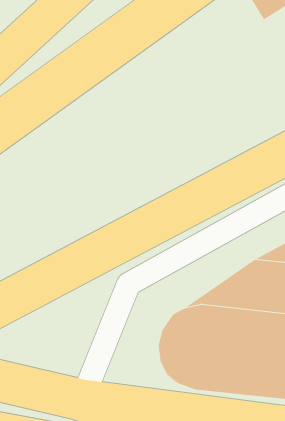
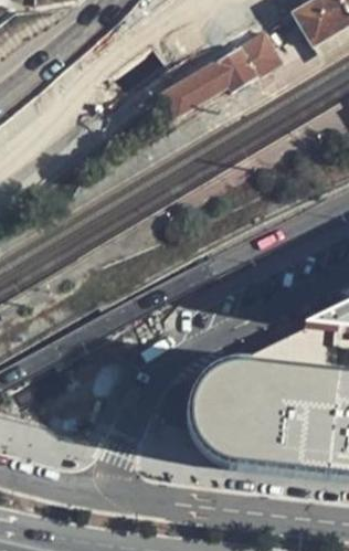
building: none -> [161,27,282,114]

